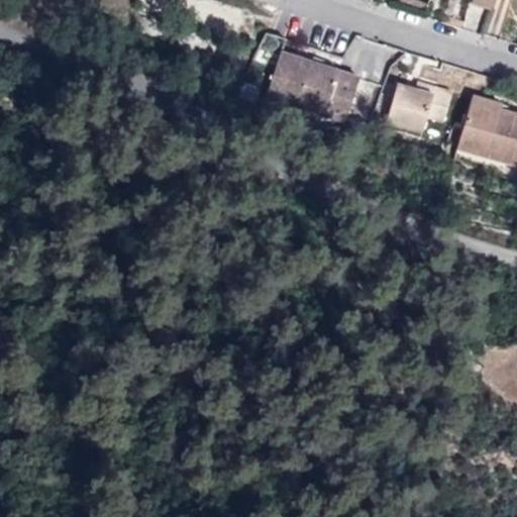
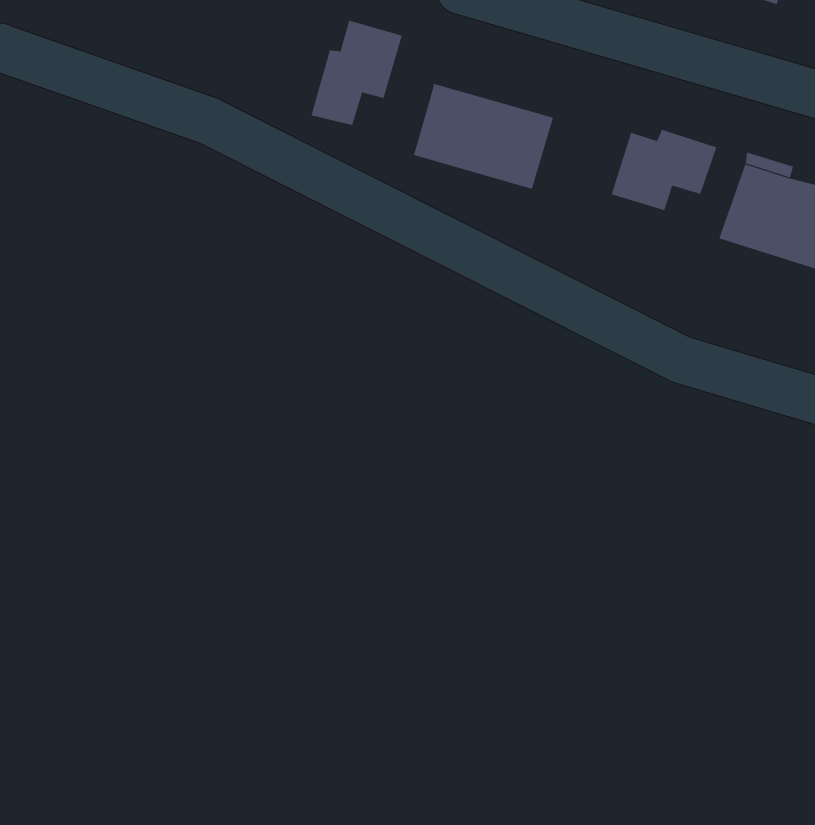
building: none -> [311,20,402,126]

